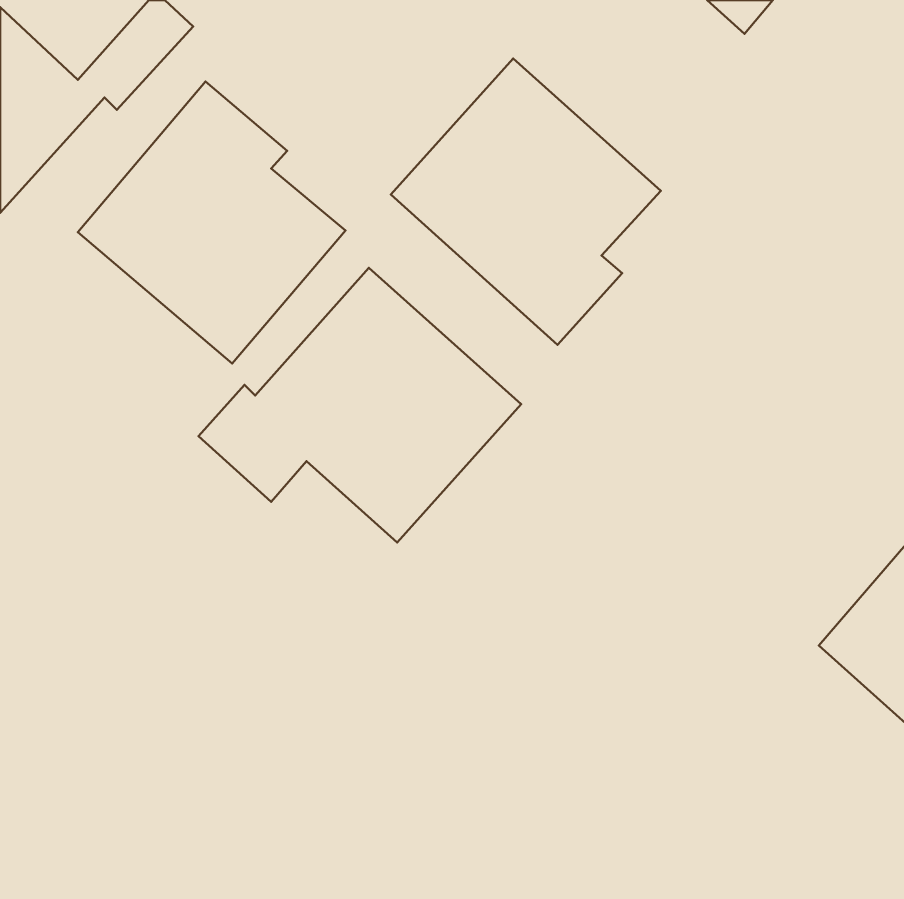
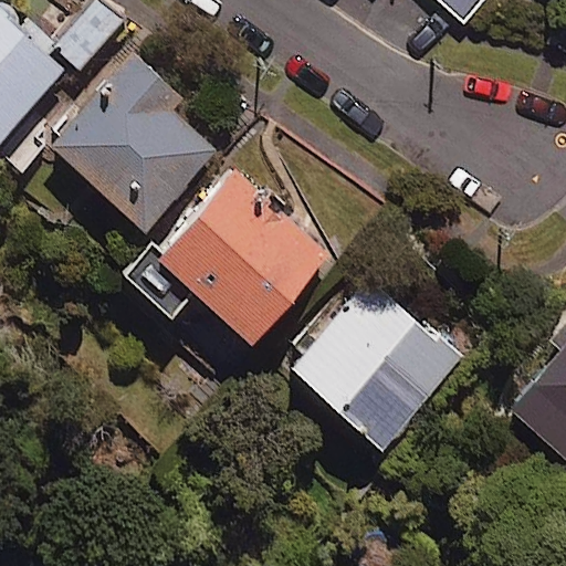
building: [391,58,661,345] -> none
building: none -> [290,277,461,449]

